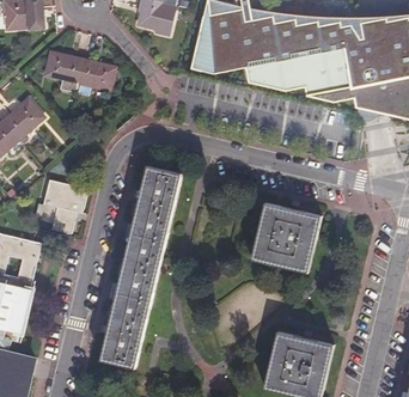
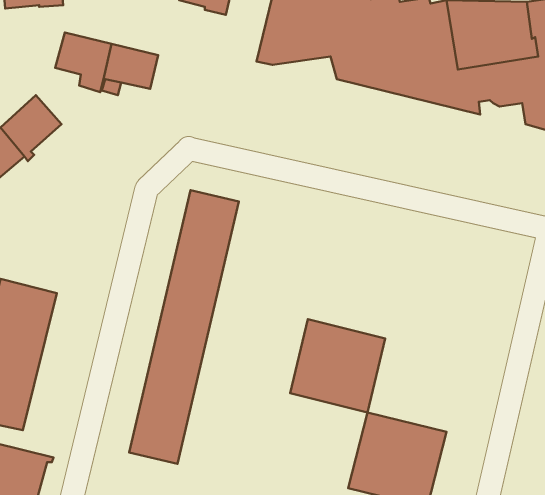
building: [43,181,86,236] -> none
building: [249,202,319,271] -> [290,319,385,412]

